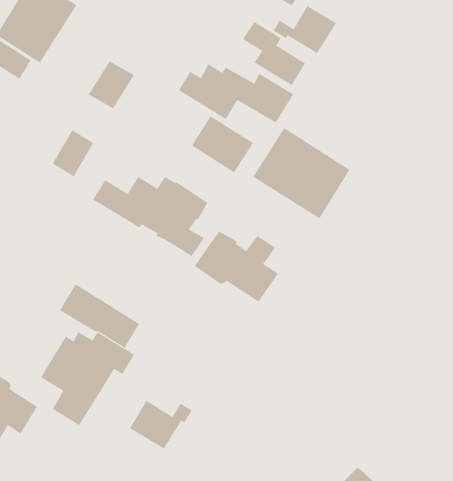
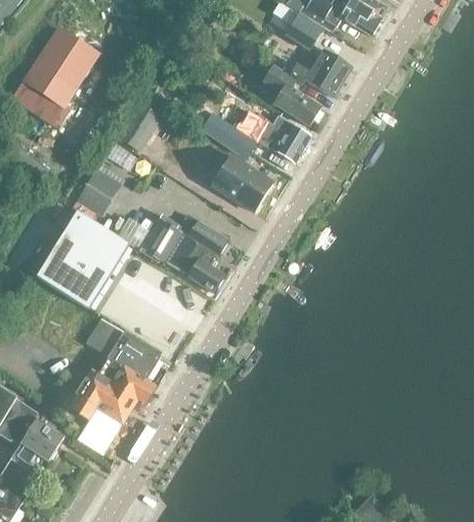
building: [253,127,350,219] -> none
building: none -> [36,211,129,309]
building: [193,230,279,302] -> none
building: [129,400,192,450] -> none

